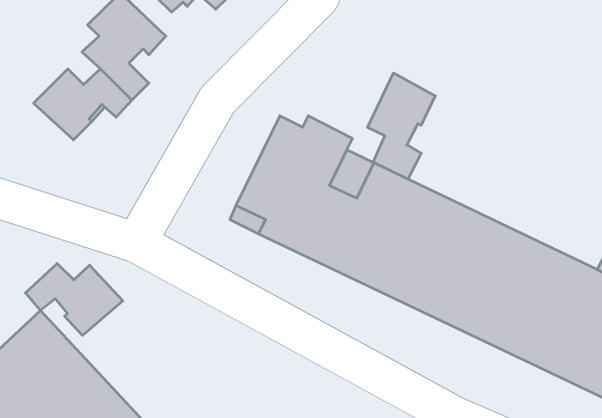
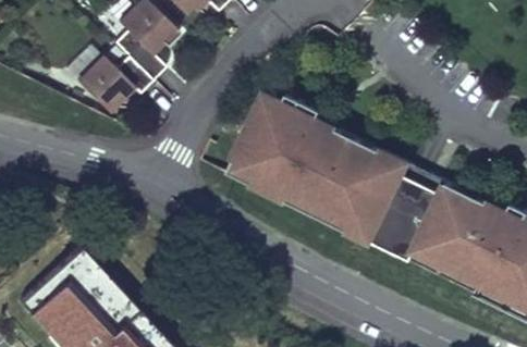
building: [367,73,435,179] -> none
building: [25,263,123,335] -> none

